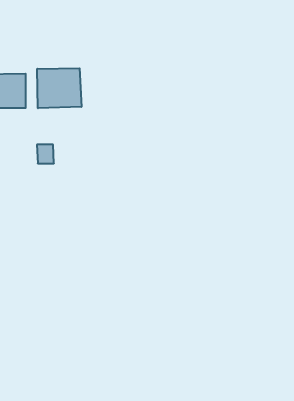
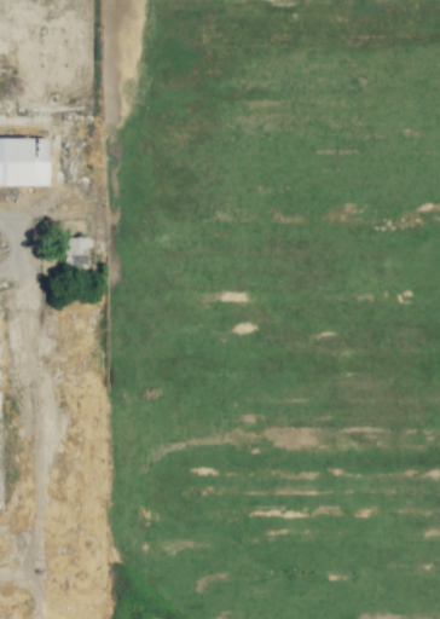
building: [37,68,81,108] -> none

